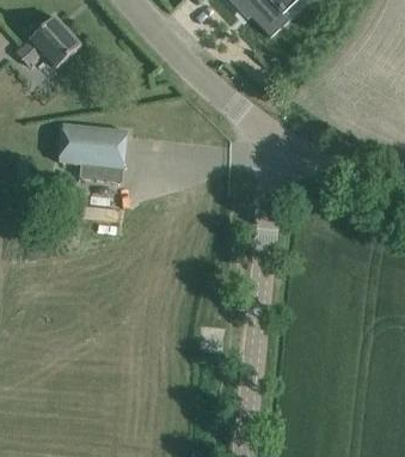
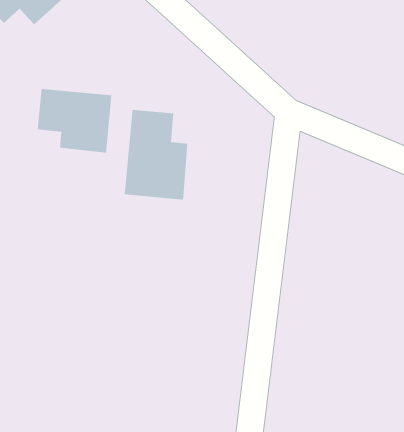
building: none -> [124,109,188,201]

